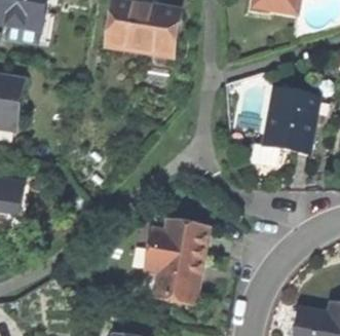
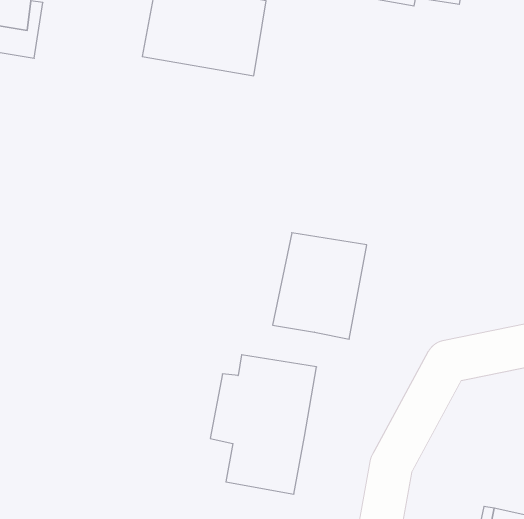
building: [262,90,317,153] -> [273,233,367,339]

